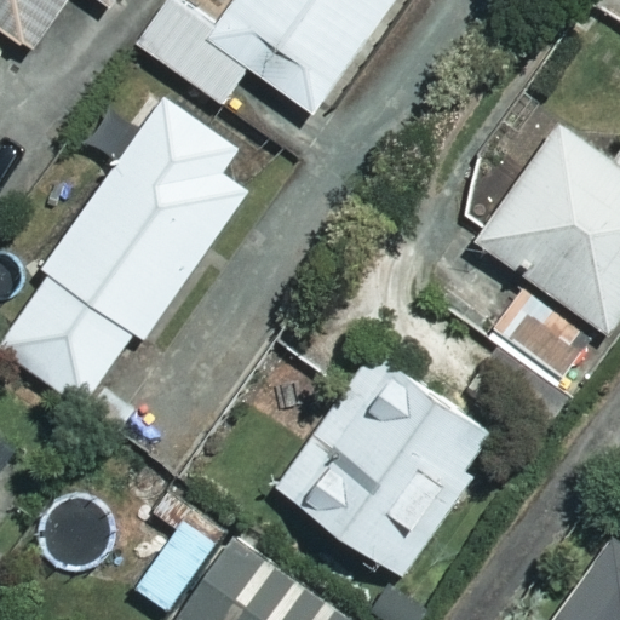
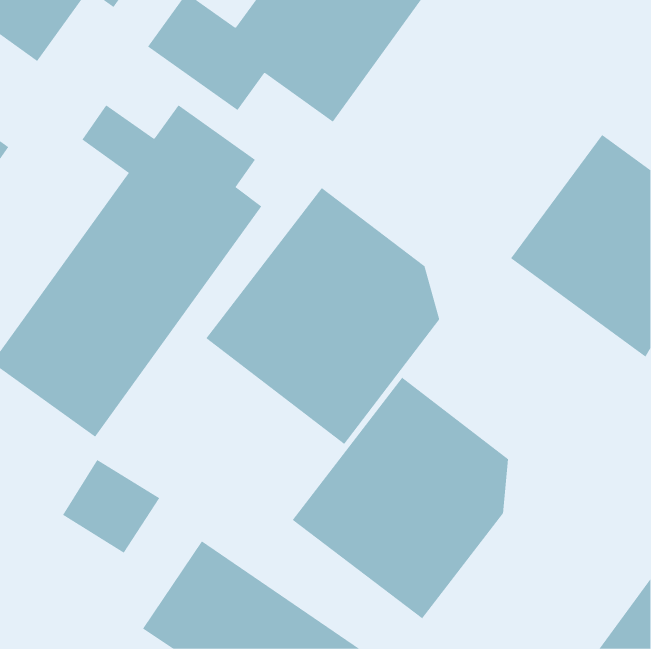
building: none -> [205,187,440,445]

